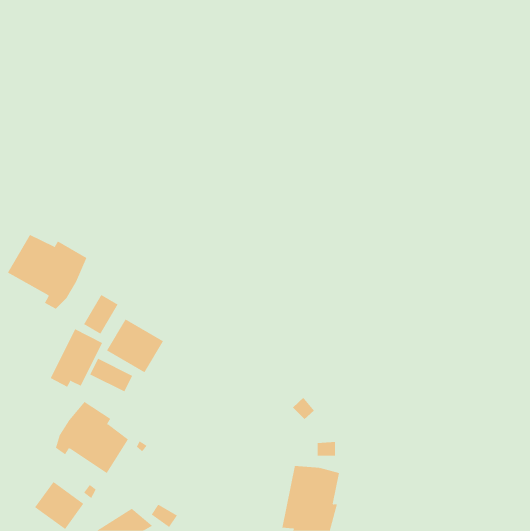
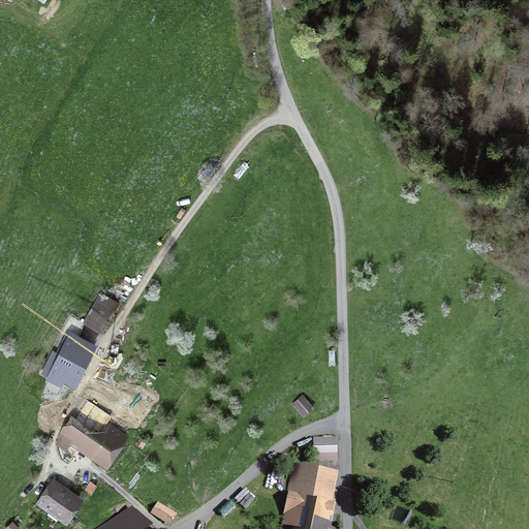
building: [7,234,87,309] -> none
building: [106,318,164,373] -> none
building: [89,358,133,392] -> none

